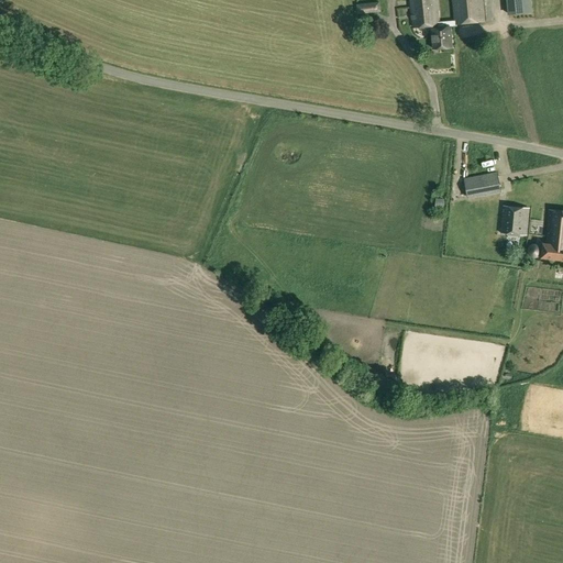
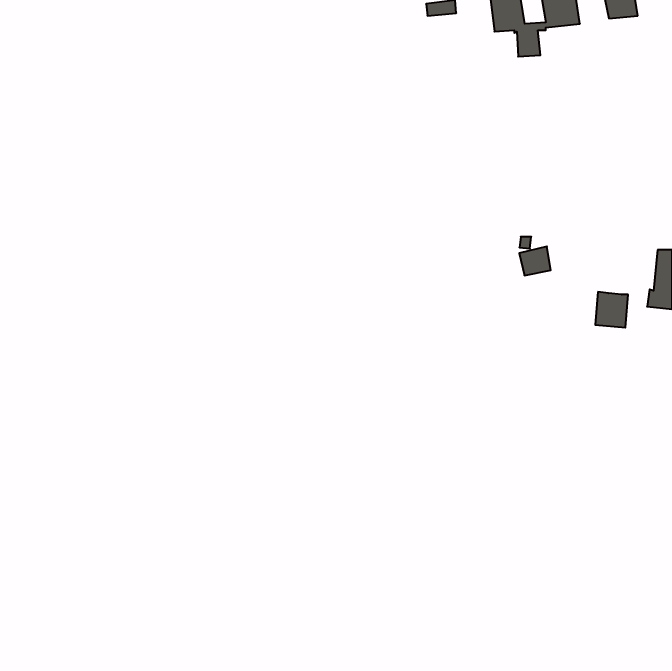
building: [464,173,490,197] -> [519,246,551,275]
building: [501,205,529,234] -> [595,292,628,328]

